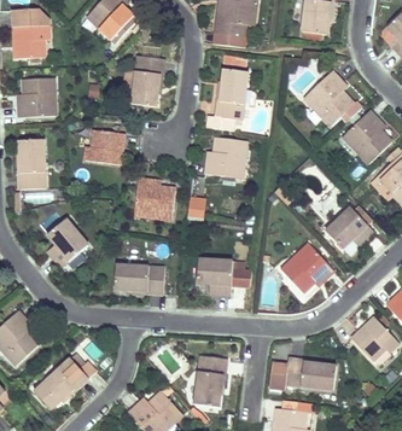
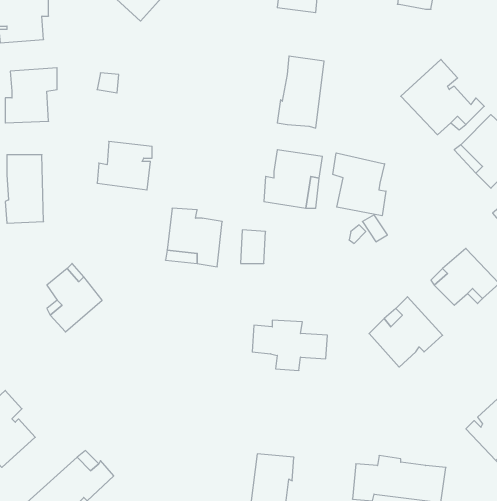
building: [130,56,164,107] -> none
building: none -> [333,153,386,216]
building: [113,264,163,295] -> none

